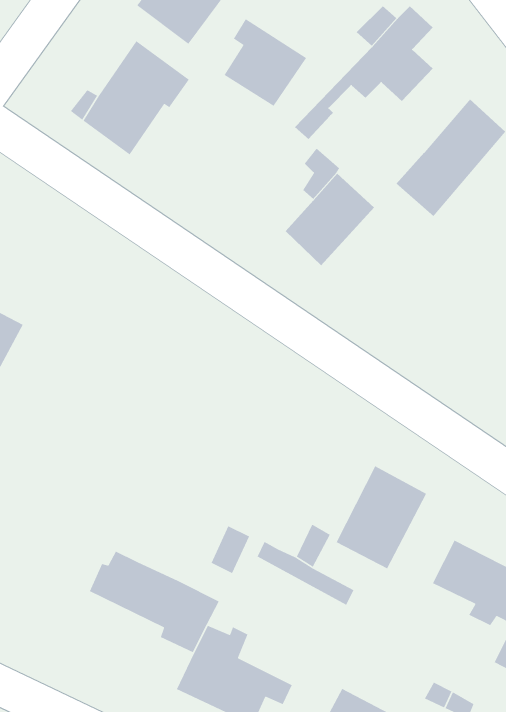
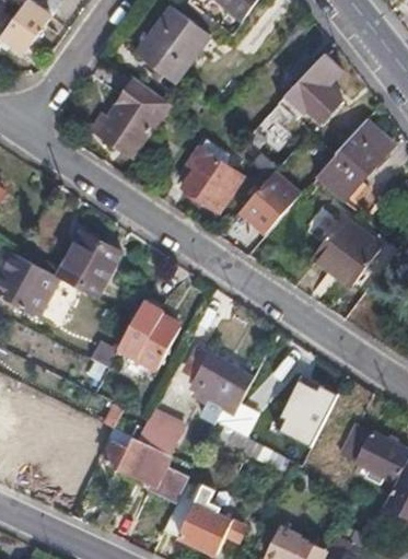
building: [223,18,307,107] -> [184,149,242,210]
building: none -> [315,218,381,283]
building: none -> [59,233,121,298]
building: none -> [119,300,178,365]
building: none -> [183,347,254,417]
building: none -> [138,410,182,453]

